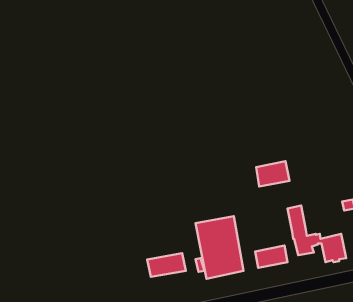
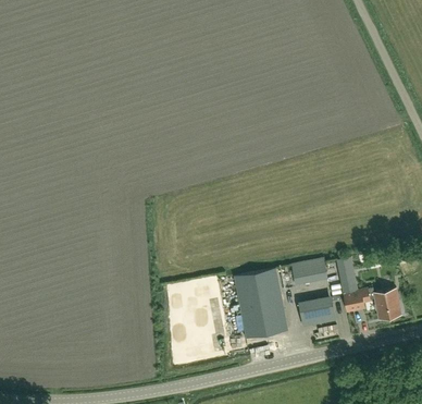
building: [256,161,290,187] -> [291,258,328,286]
building: [147,253,186,277] -> none

